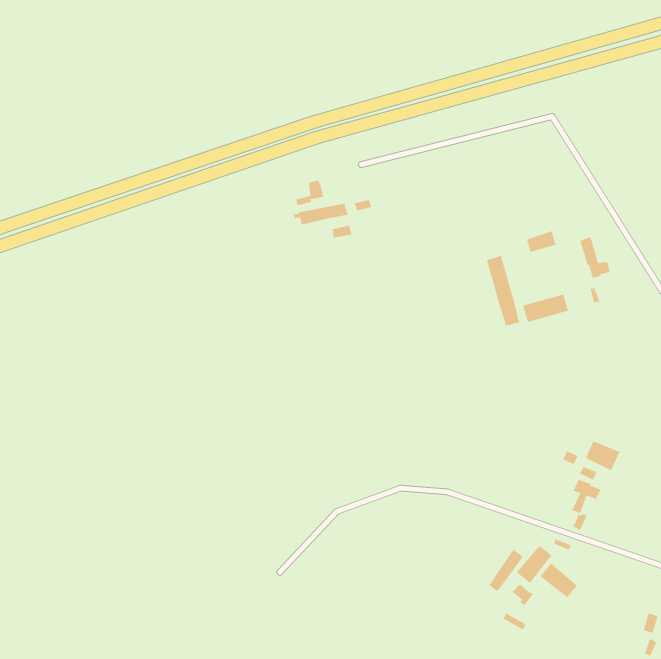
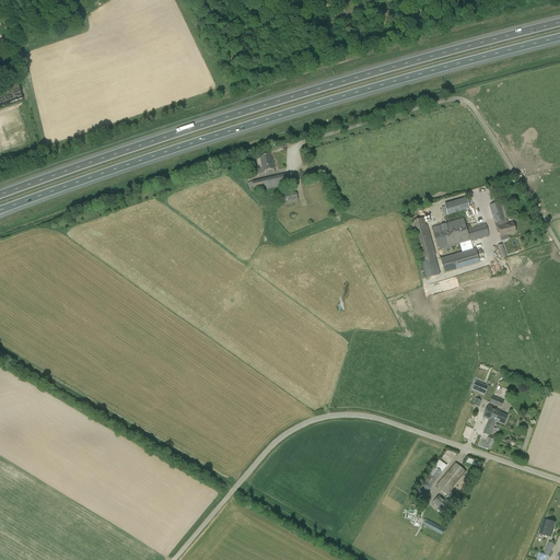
building: none -> [432,215,490,248]
building: [585,440,620,471] -> none
building: [540,562,578,598] -> none

